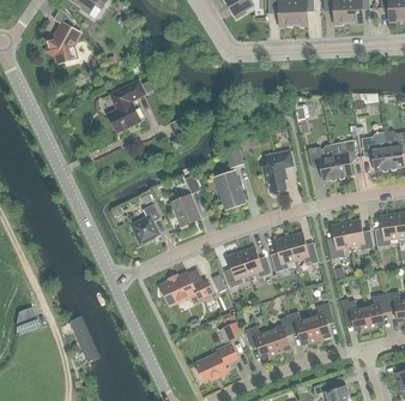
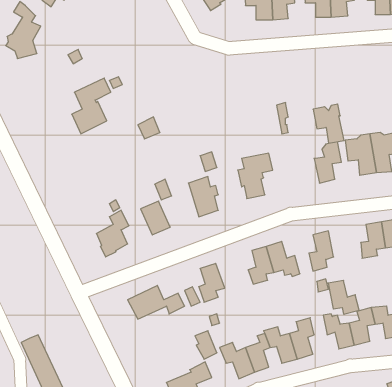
building: [308,143,337,179] -> [313,104,344,143]
building: [345,219,374,250] -> [328,280,359,314]
building: [241,245,272,276] -> none

